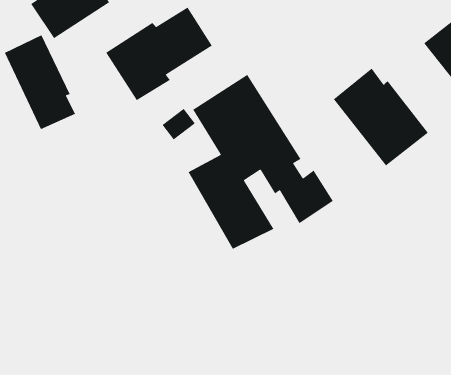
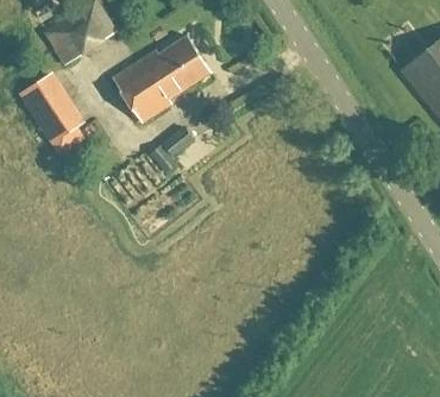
building: [333,67,429,166] -> none
building: [188,74,334,250] -> none

